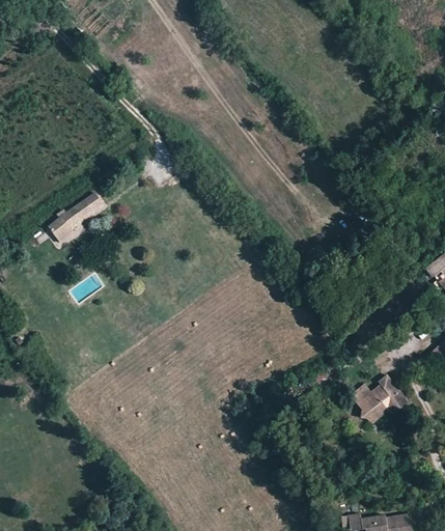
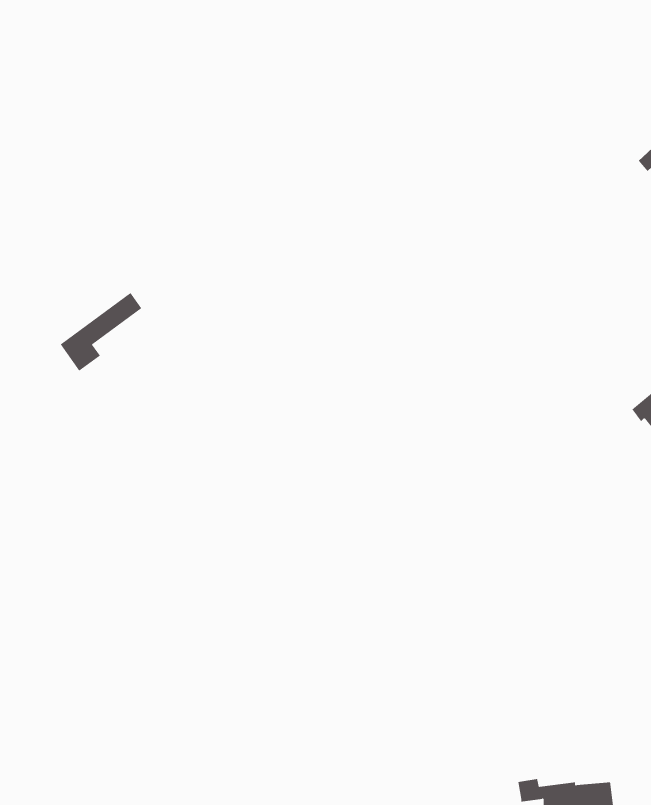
building: [364,378,410,419] -> none

